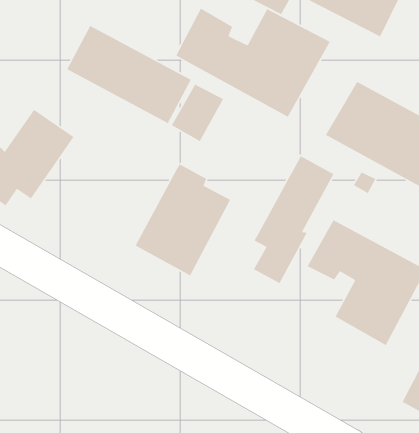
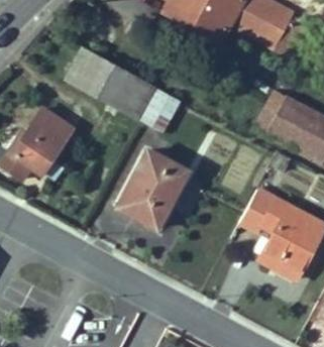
building: [175,7,331,118] -> none
building: [253,155,334,284] -> none

